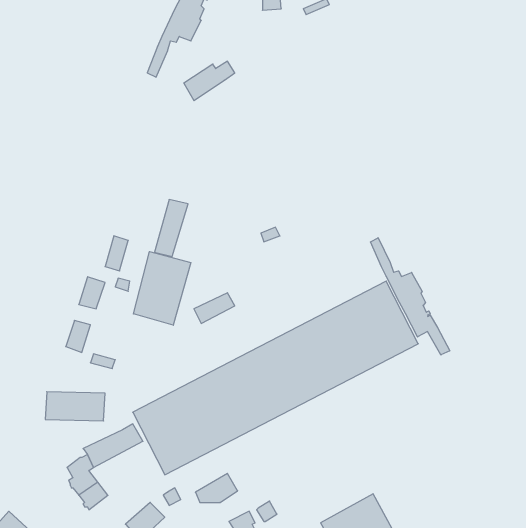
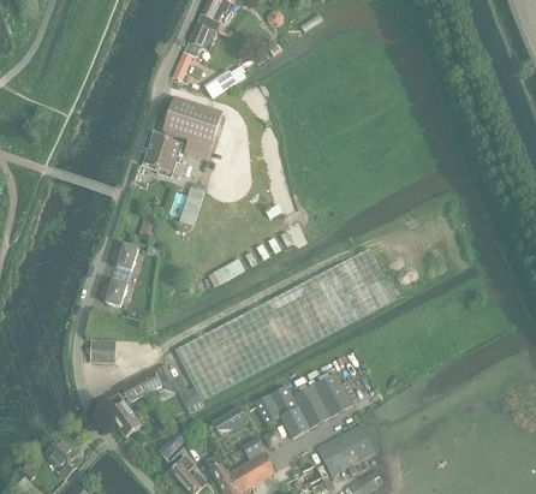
building: none -> [163,97,221,160]
building: none -> [144,136,179,172]
building: [371,238,450,355] -> none
building: [133,252,191,325] -> none
building: none -> [254,373,358,439]

